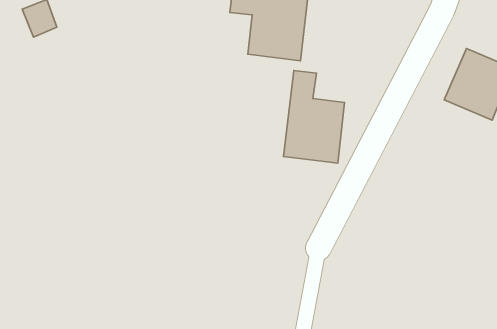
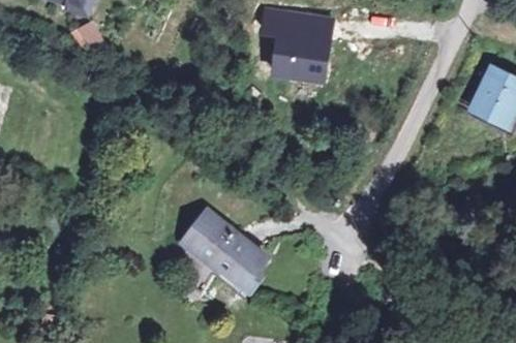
building: [283,70,345,163] -> none
building: none -> [179,213,269,291]

